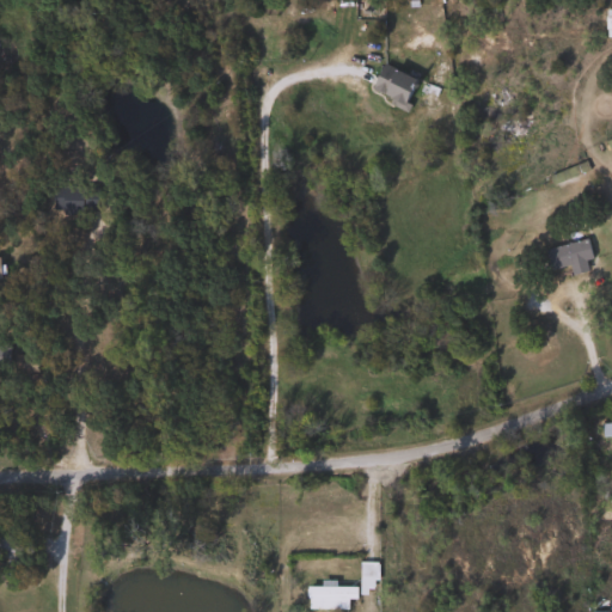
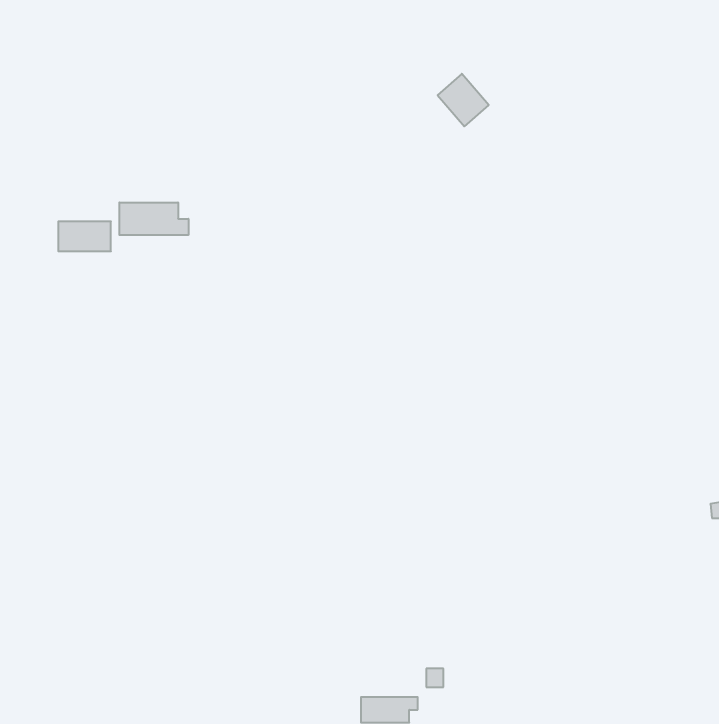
building: none -> [119,202,188,235]
building: [545,239,594,275] -> none

